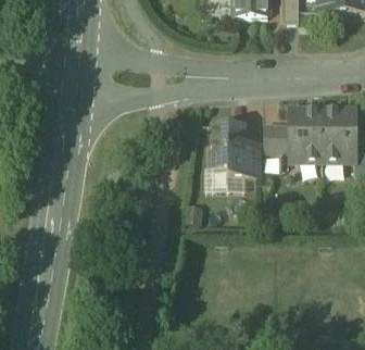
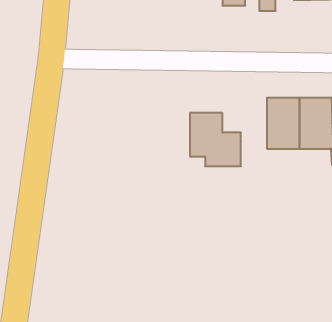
building: [264,125,290,152] -> none

